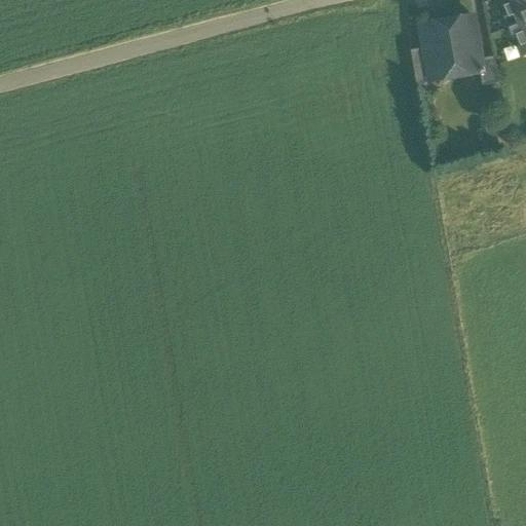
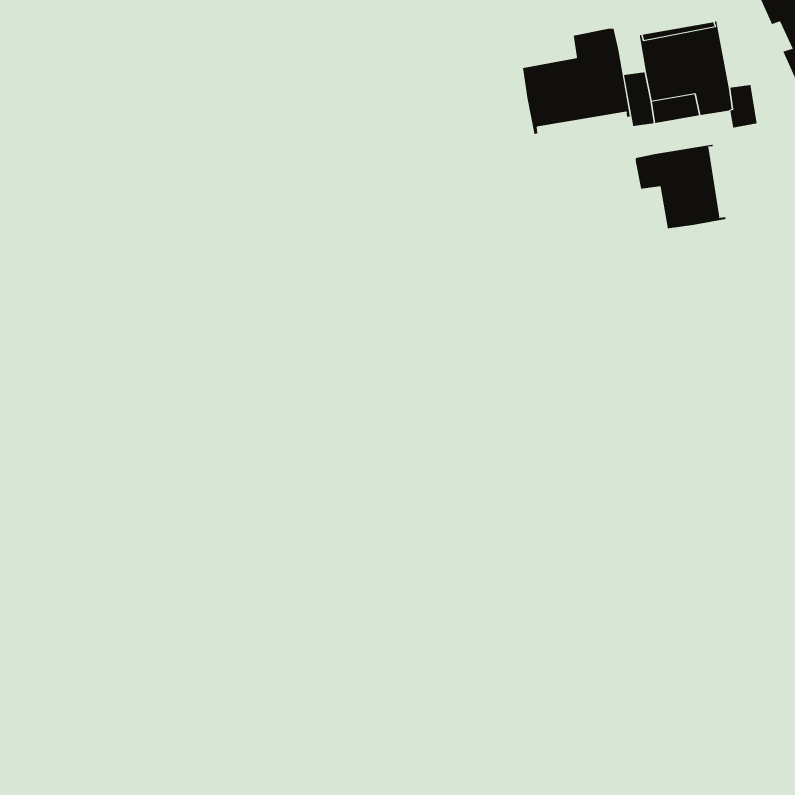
building: none -> [522,28,631,135]
building: none -> [635,144,726,229]

